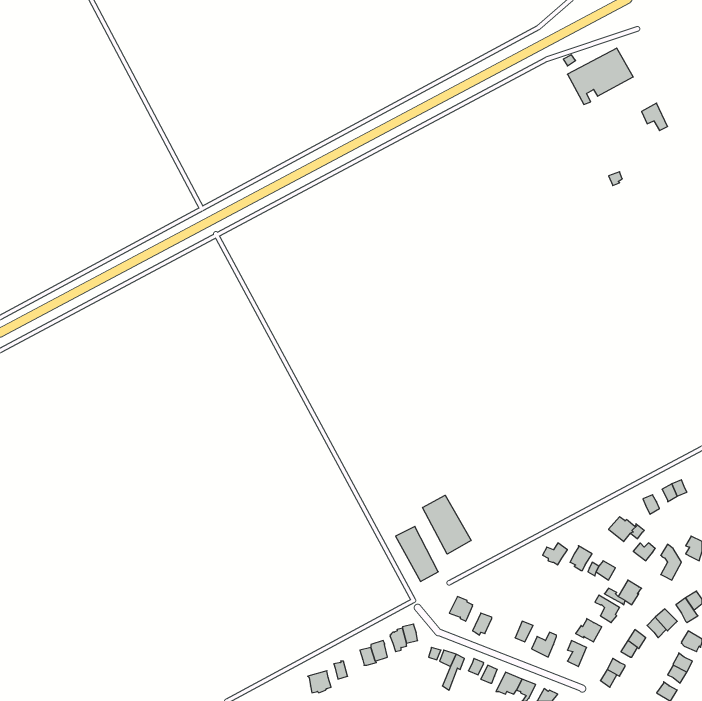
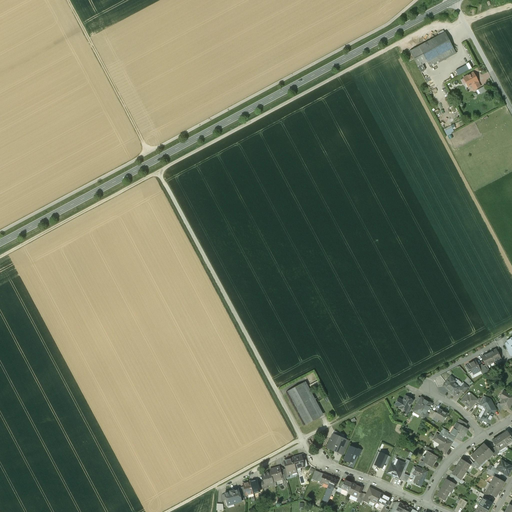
building: [423,495,471,554] -> none

